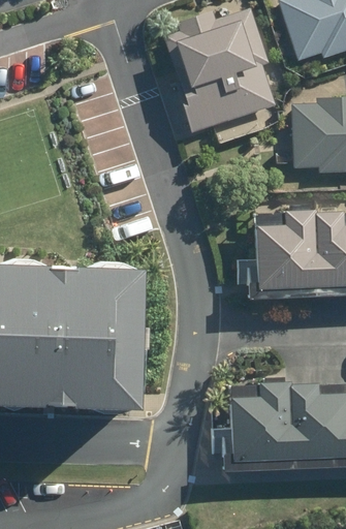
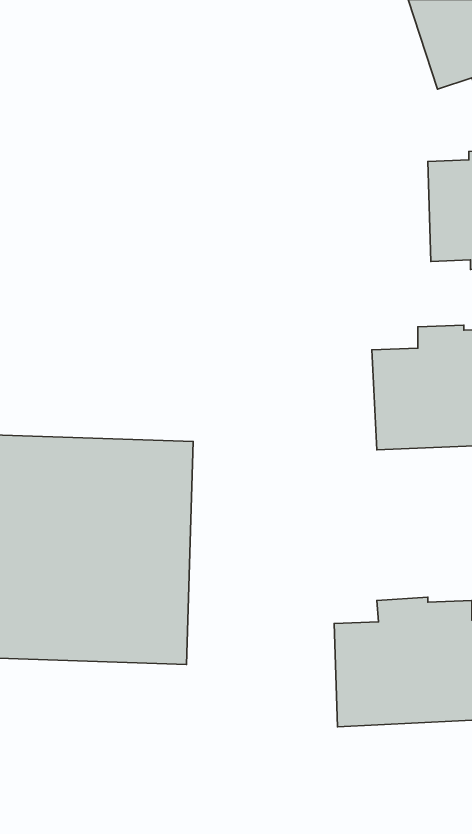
building: [165,7,277,132] -> none

